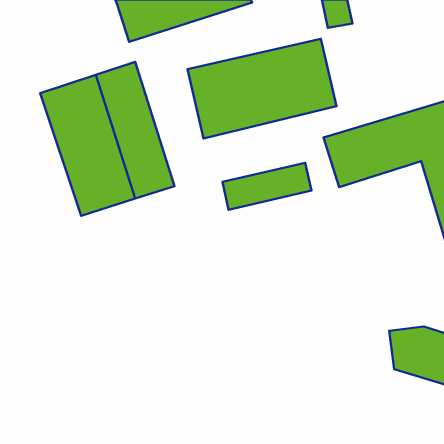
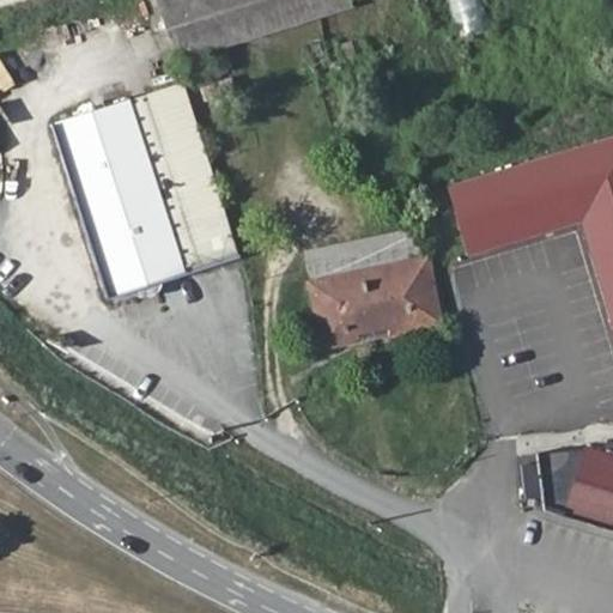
building: [187,39,337,138] -> none
building: none -> [316,262,443,347]

